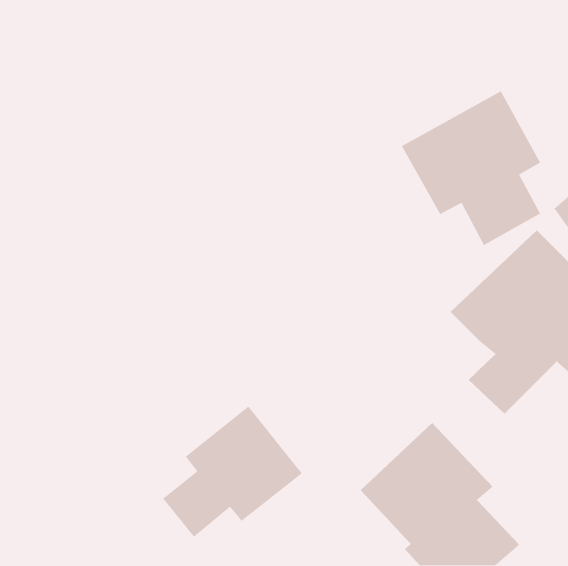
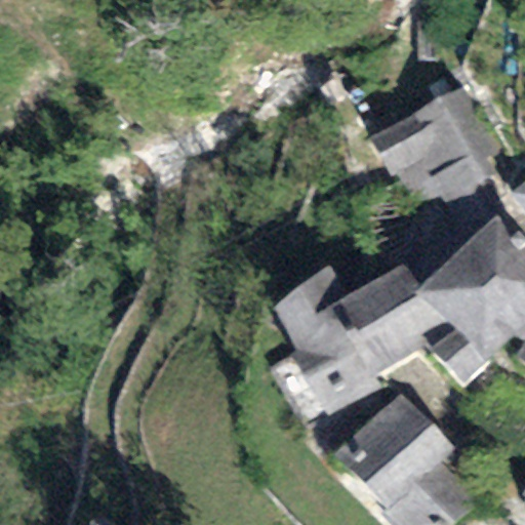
building: none -> [273,258,444,419]
building: [162,405,303,538] -> none

